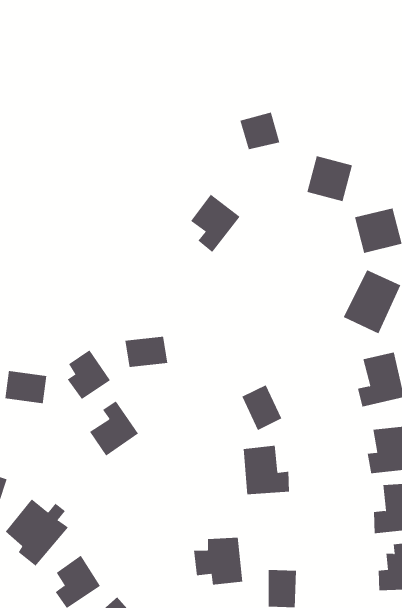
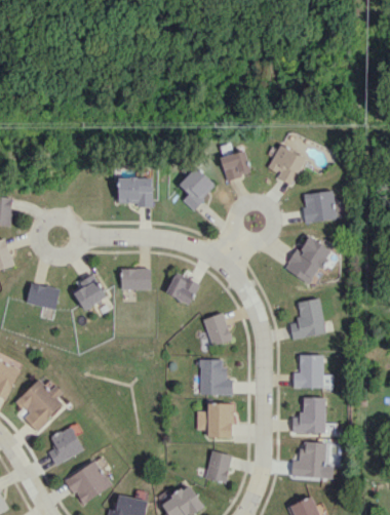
building: [239,112,280,150] -> [222,152,250,179]
building: none -> [118,177,153,205]
building: none -> [165,276,200,305]
building: [89,400,139,456] -> none
building: [193,537,243,585] -> [197,403,232,438]

